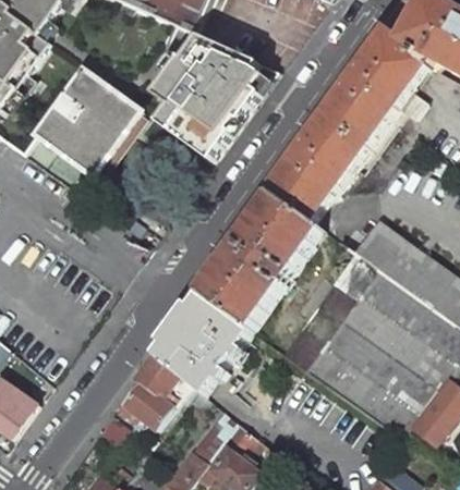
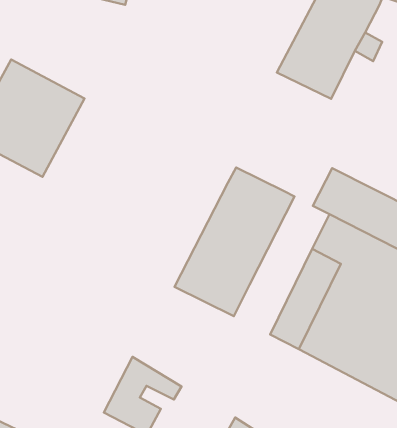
building: [154,37,277,160] -> none
building: [269,113,368,222] -> none
building: [152,292,250,394] -> none

